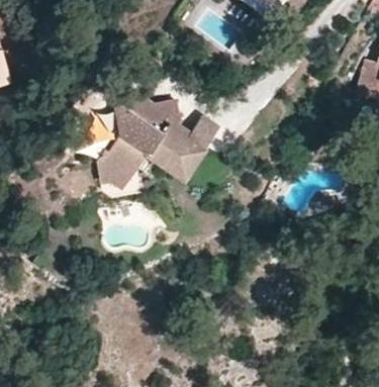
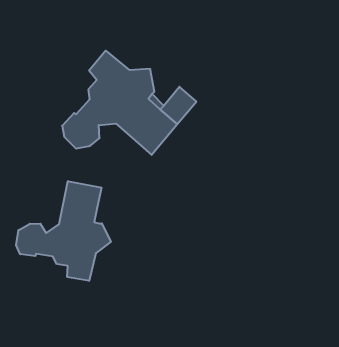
building: none -> [16,181,111,281]

